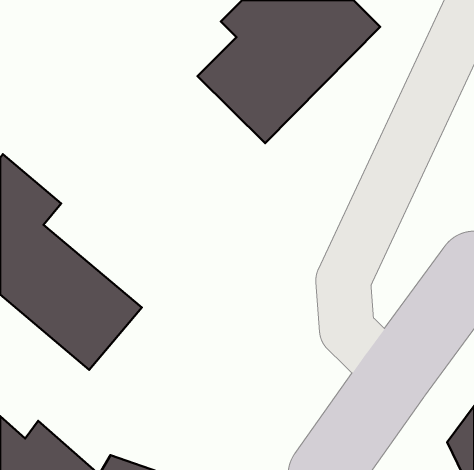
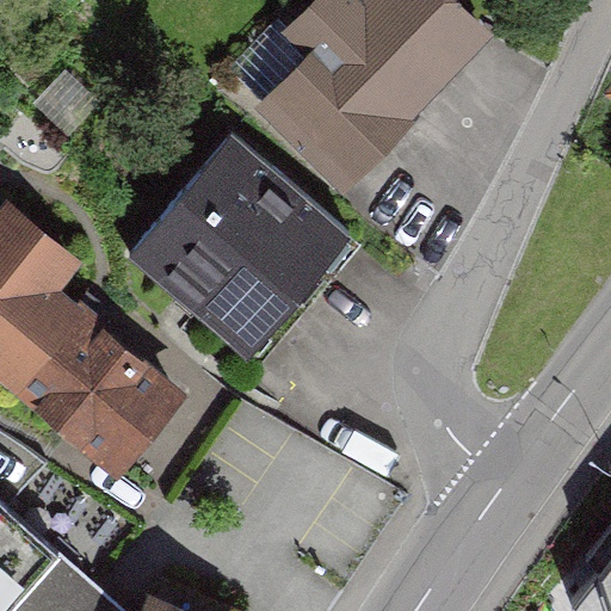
building: none -> [132,128,350,345]

